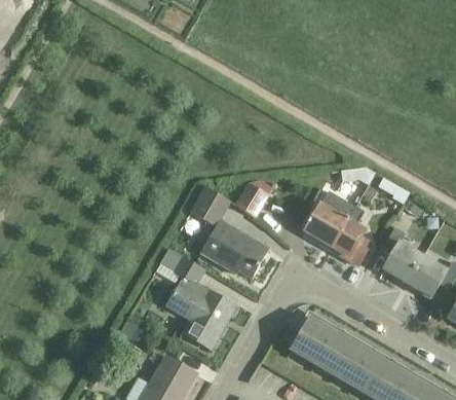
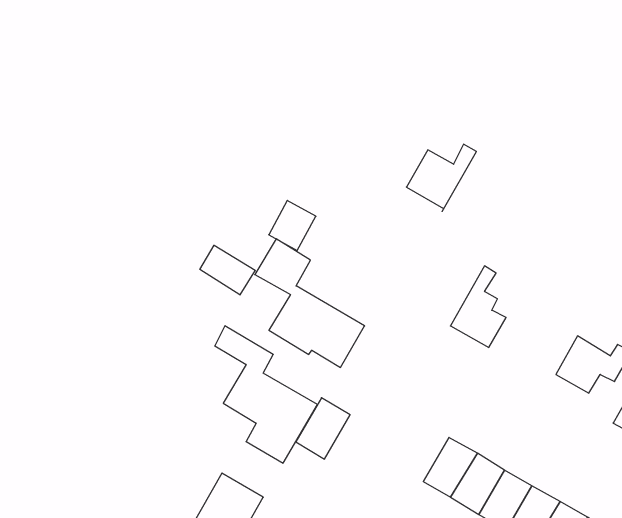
building: [236,180,270,216] -> [269,200,316,250]
building: none -> [200,245,255,295]
building: [305,199,355,248] -> [406,144,476,211]
building: [381,227,422,283] -> none
building: [291,316,330,360] -> [296,398,350,459]

